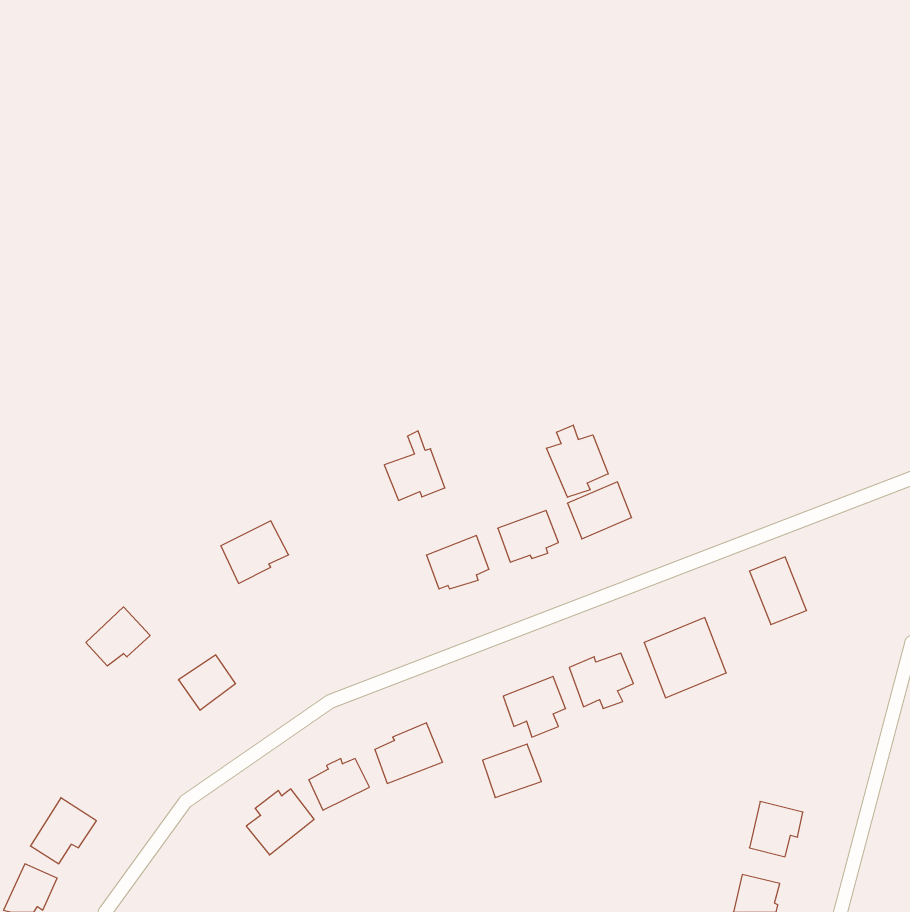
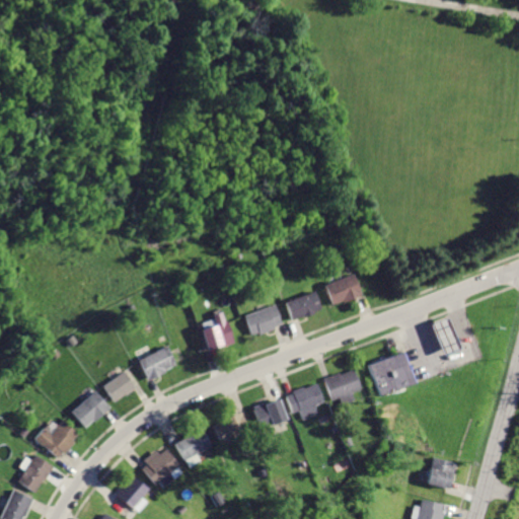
building: [547,425,608,497] -> none
building: [384,431,445,500] -> [200,311,234,351]
building: [221,521,289,583] -> [138,347,176,382]
building: [86,607,150,666] -> [72,392,108,426]
building: none -> [34,420,78,457]
building: [483,744,541,798] -> [254,399,288,430]
building: none -> [117,478,147,508]

